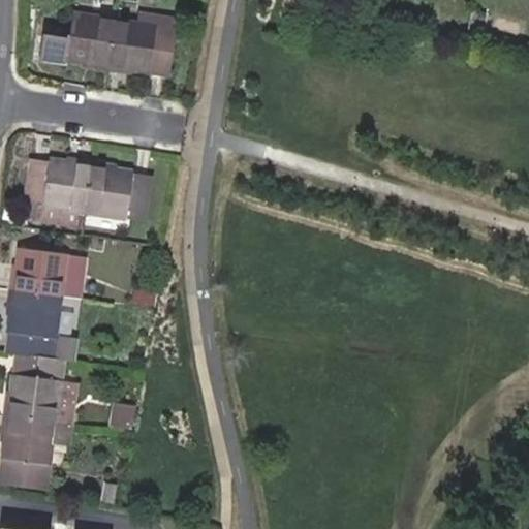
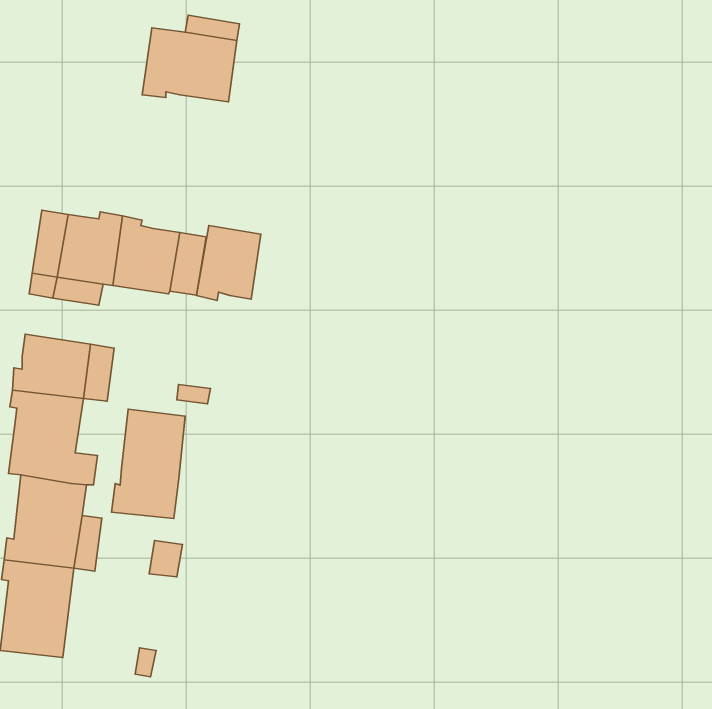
building: [40,13,113,70] -> none
building: none -> [196,225,261,300]
building: none -> [112,409,185,519]

